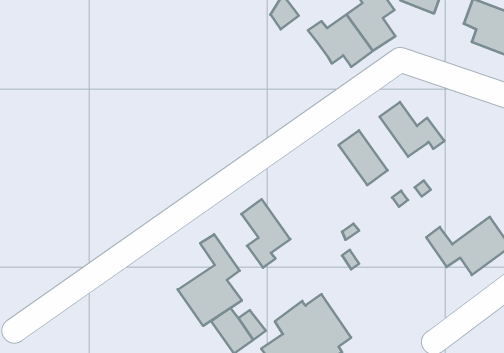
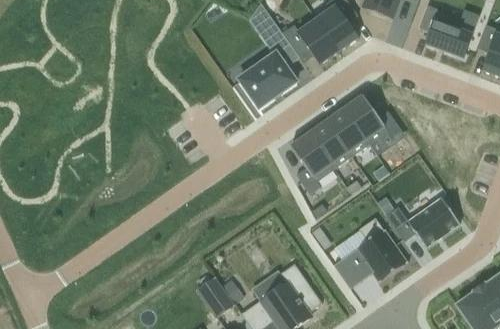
building: none -> [239,42,300,107]
building: none -> [327,108,370,155]
building: [241,199,290,268] -> [291,133,334,193]
building: [178,234,242,326] -> none
building: none -> [334,216,408,287]

